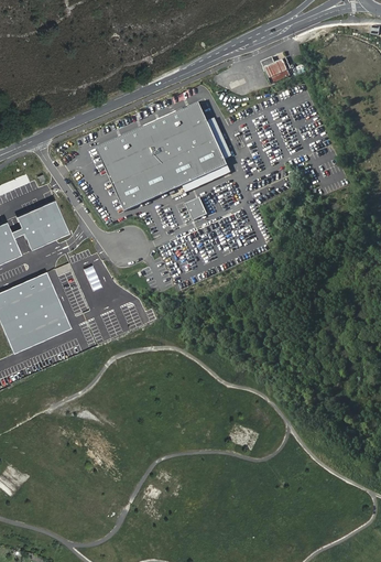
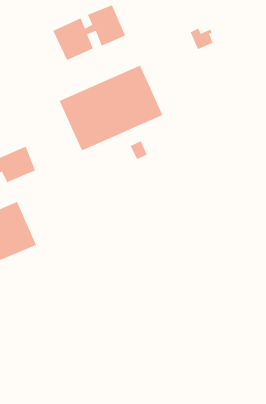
building: none -> [53,4,126,61]

